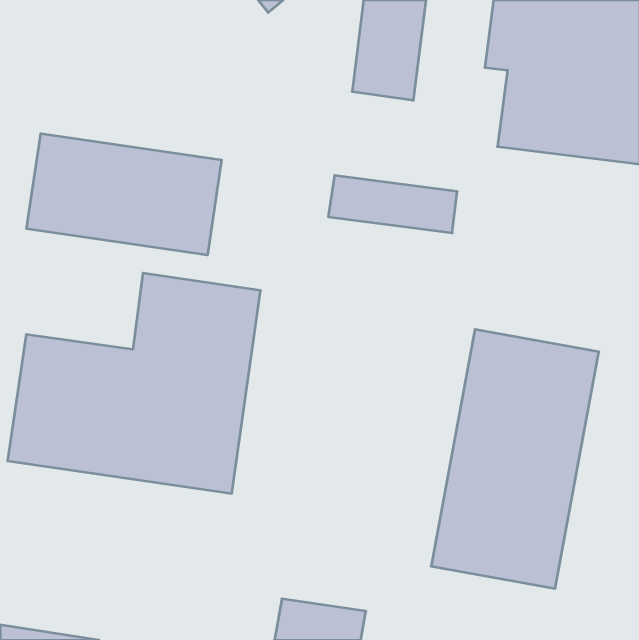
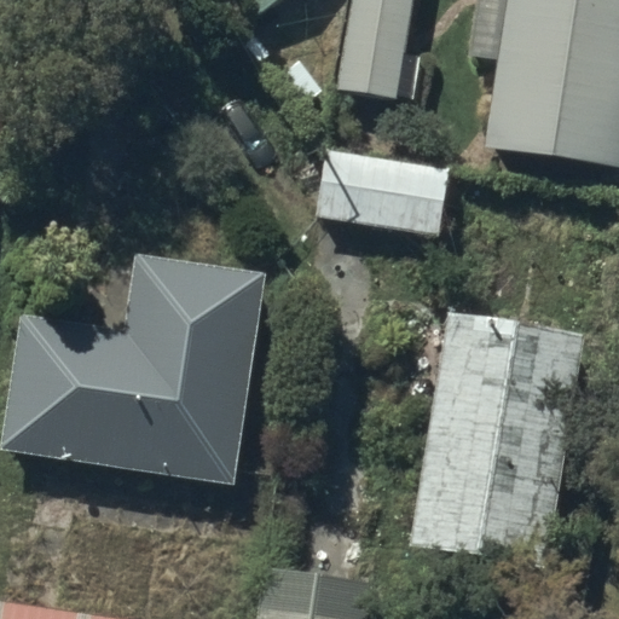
building: [27,134,222,255] -> none

